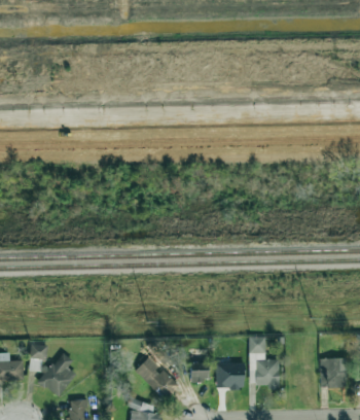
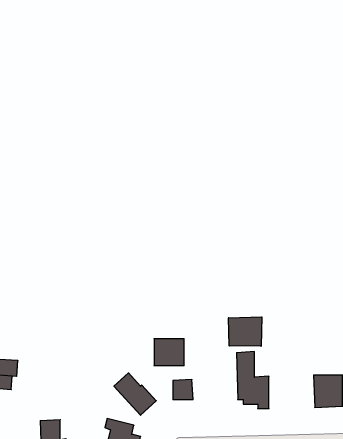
building: none -> [229,317,262,346]
building: [39,352,76,397] -> none
building: [216,363,244,388] -> [154,339,184,366]

